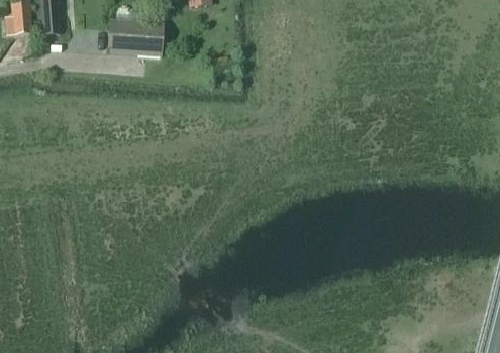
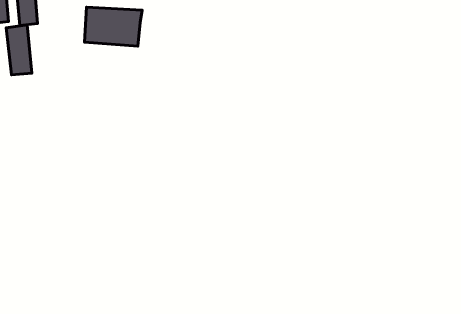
building: none -> [6,25,32,75]

